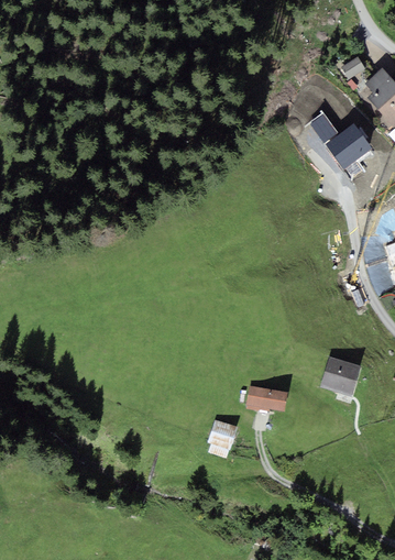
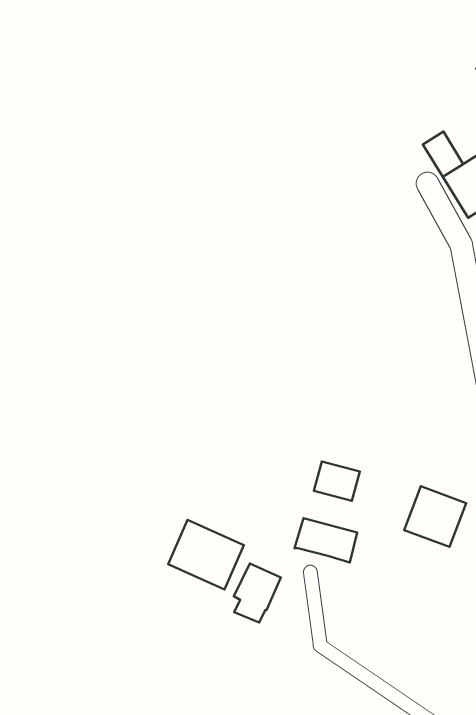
building: none -> [314,462,360,501]
building: none -> [168,520,244,590]

